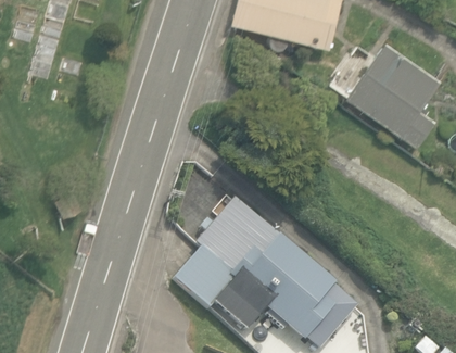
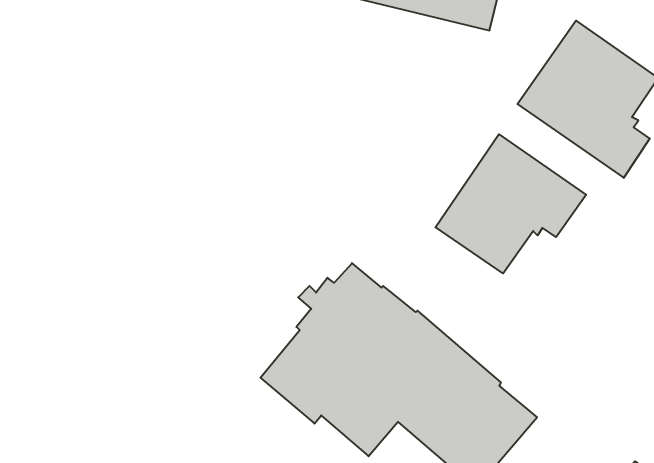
building: none -> [435,134,586,273]

